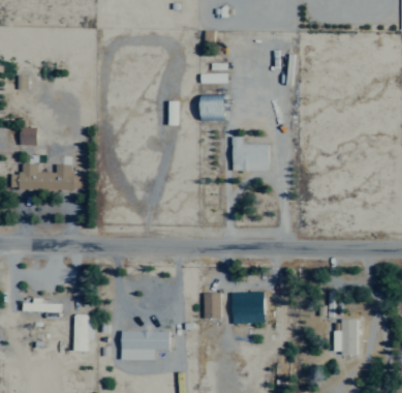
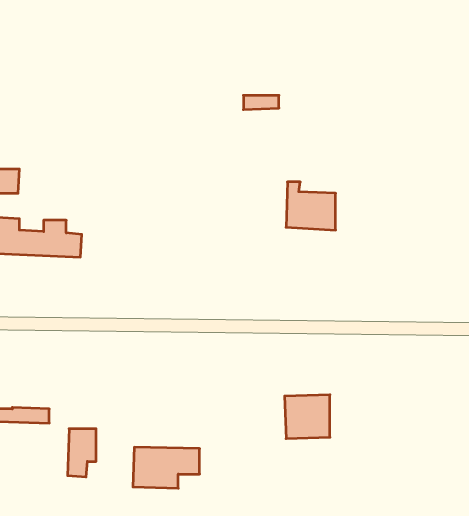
building: [199,95,225,120] -> none
building: [204,293,222,319] -> none
building: [341,319,358,355] -> none

